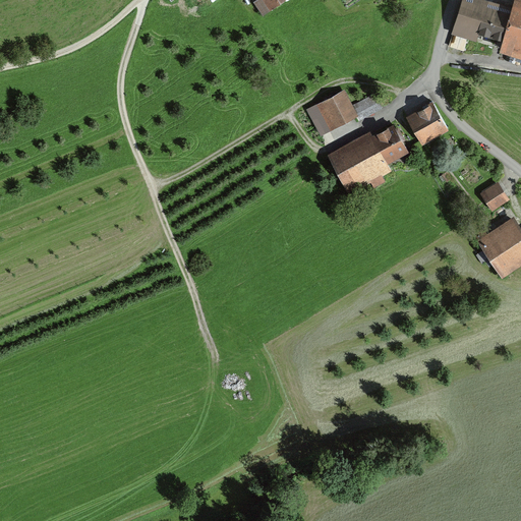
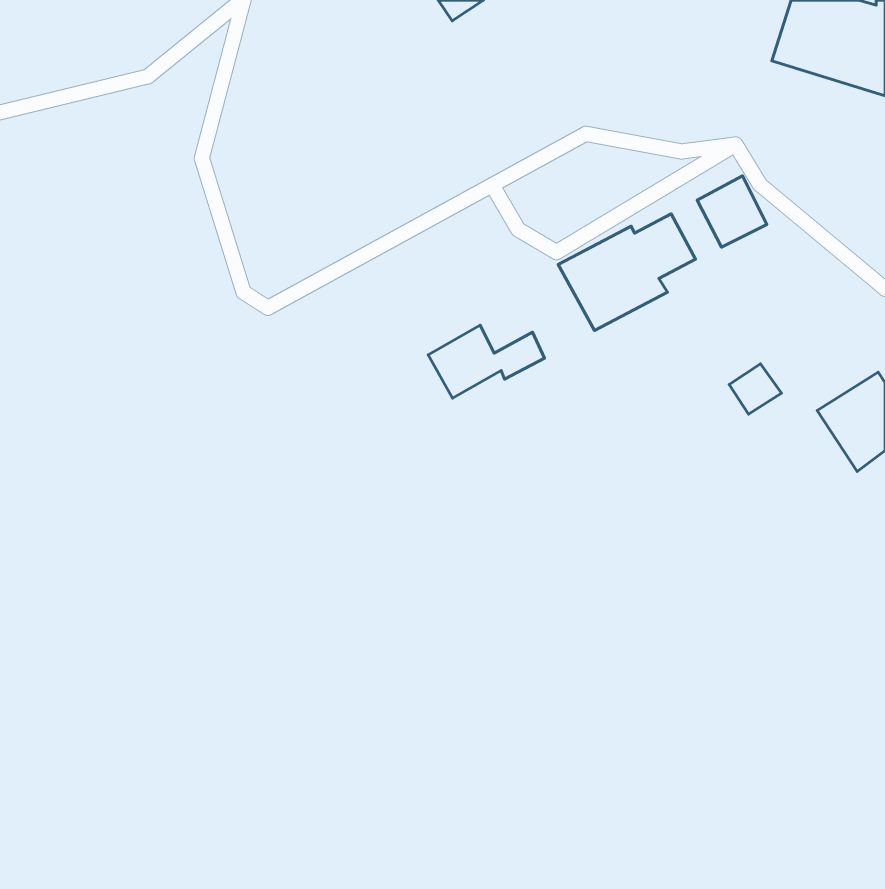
building: [312,89,381,131] -> [428,325,545,398]
building: [479,182,510,212] -> [729,364,781,414]

